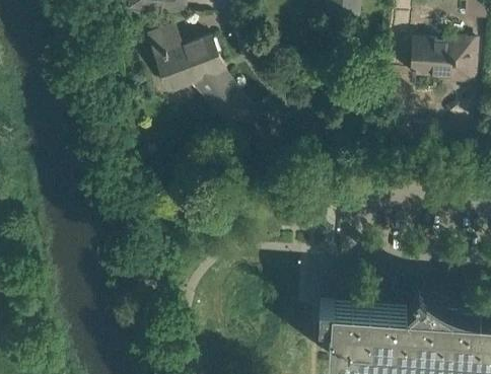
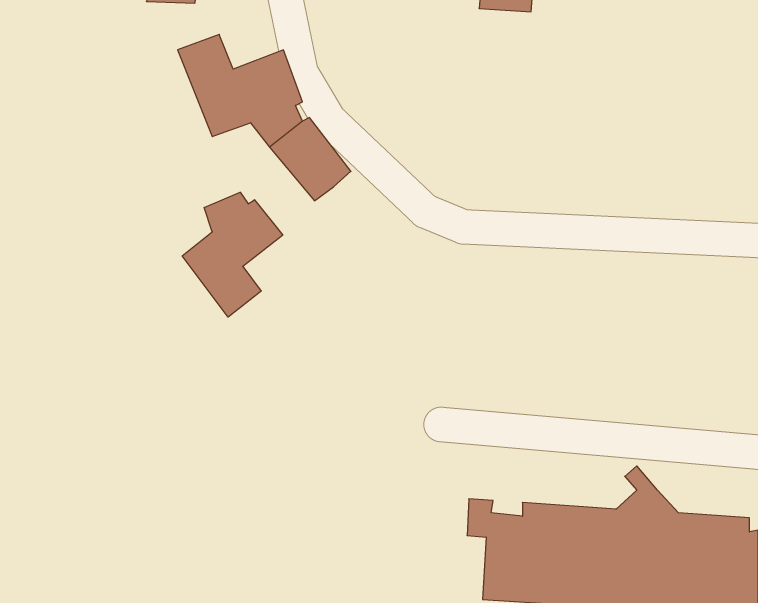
building: [411,38,476,82] -> none
building: none -> [182,192,283,317]

